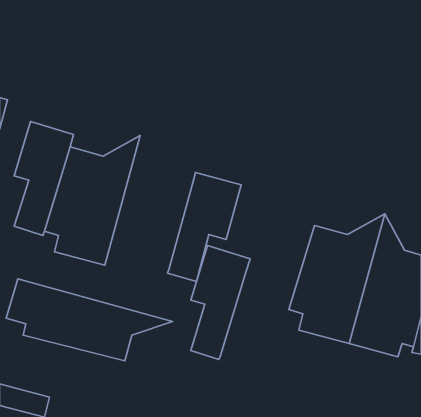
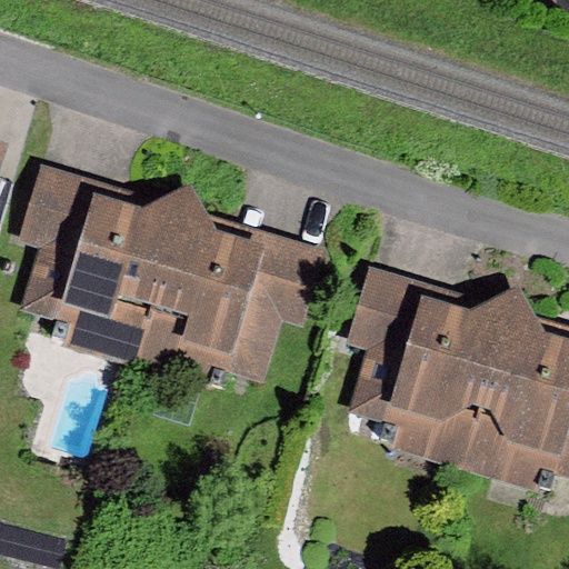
building: none -> [141,182,260,375]
building: [191,246,250,359] -> [349,269,429,422]
building: [6,279,172,361] -> none

